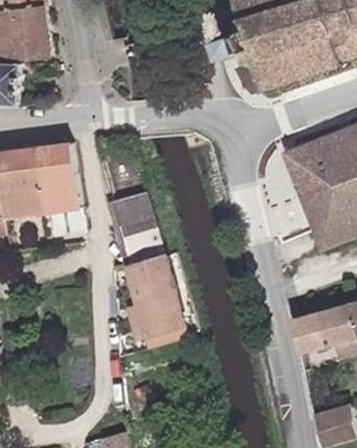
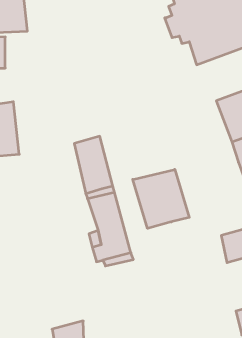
building: [33,145,83,238] -> none
building: none -> [133,169,189,228]

